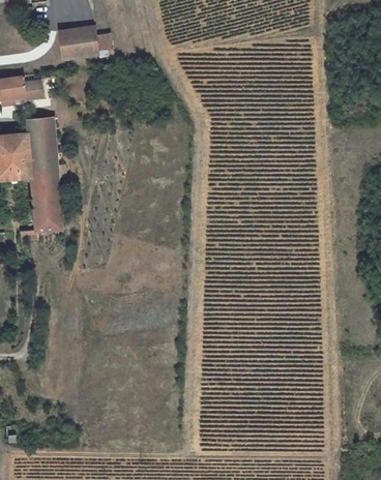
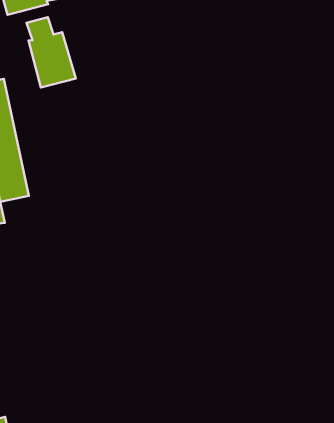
building: none -> [27,17,76,88]

